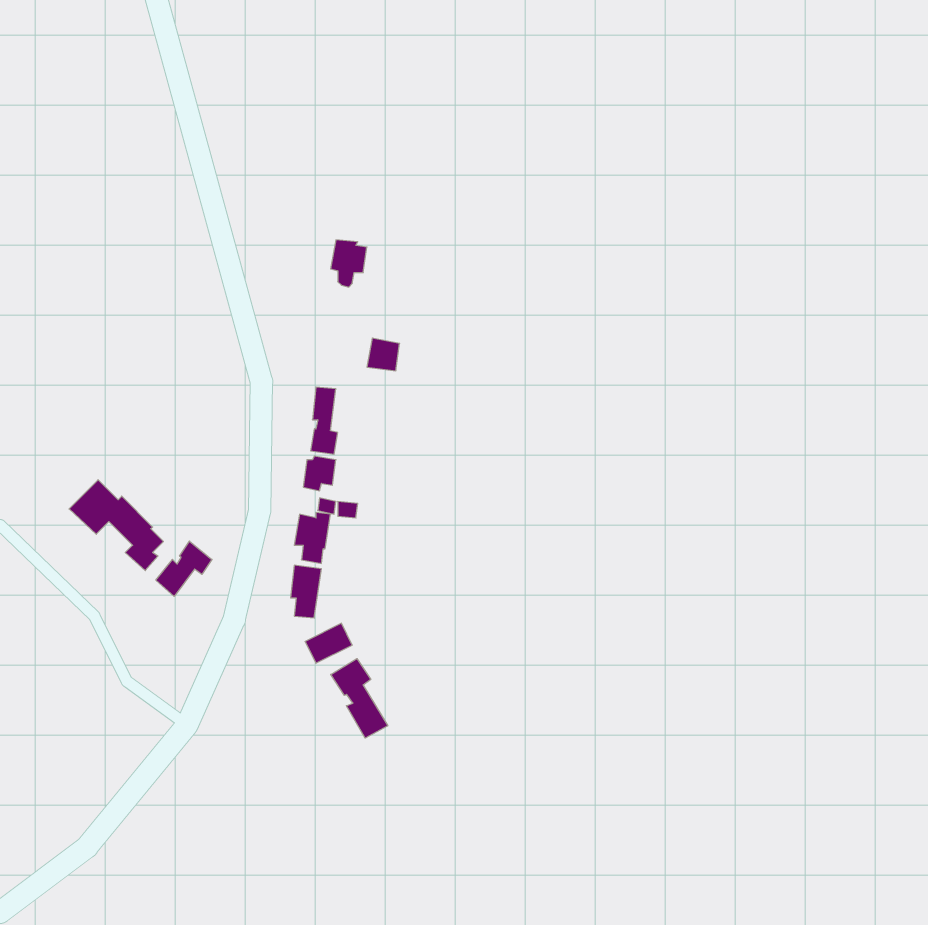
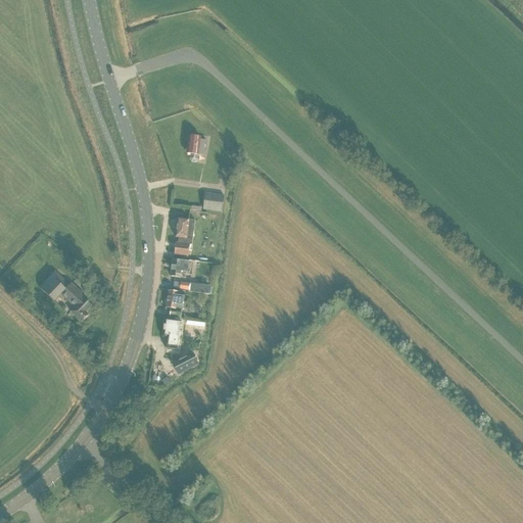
building: [156,541,212,596] -> none
building: [331,659,388,738] -> none

